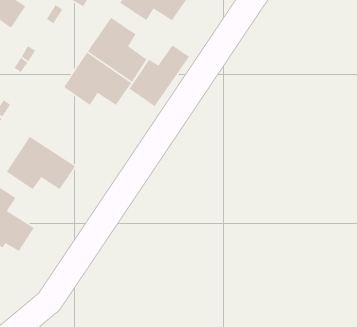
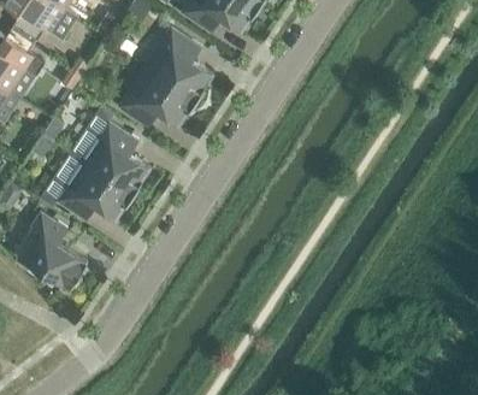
building: [128,44,190,107] -> none
building: none -> [81,120,149,194]

